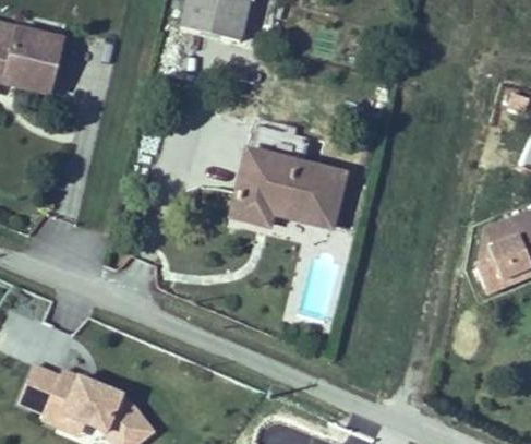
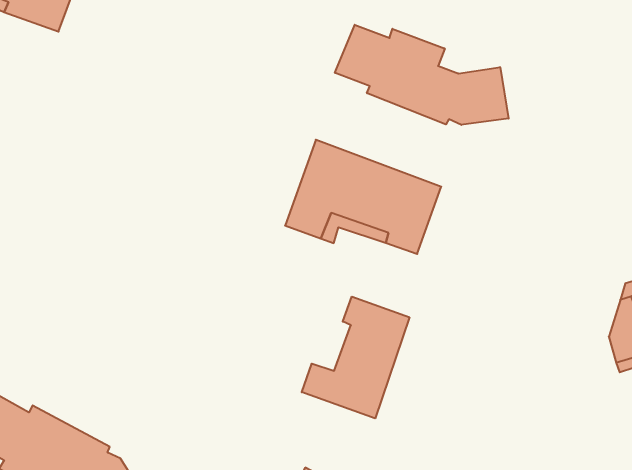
building: none -> [335,25,509,125]
building: none -> [302,297,409,418]

